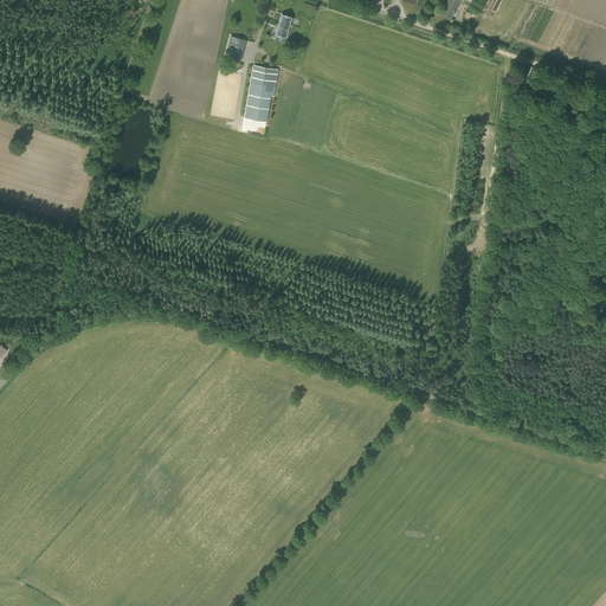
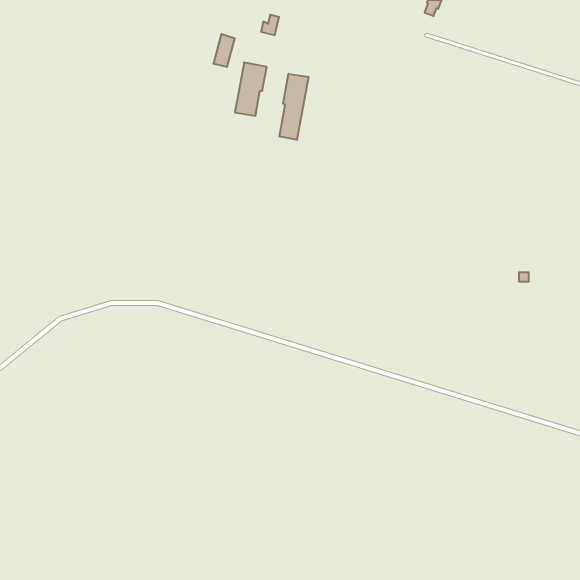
building: none -> [279,74,308,140]

